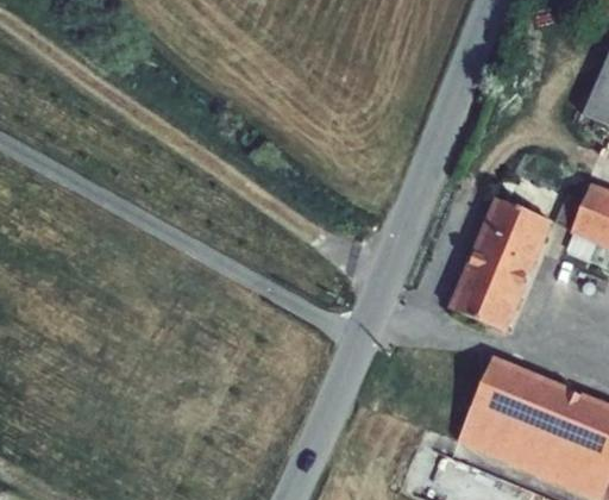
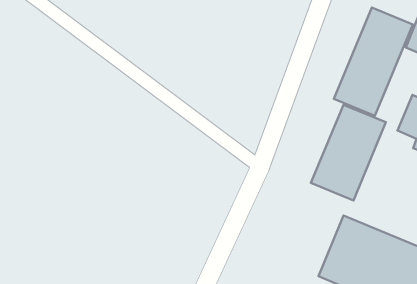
building: none -> [334,7,413,116]

